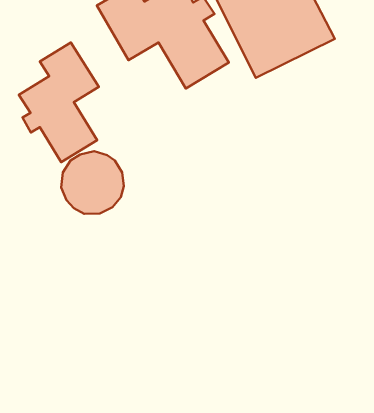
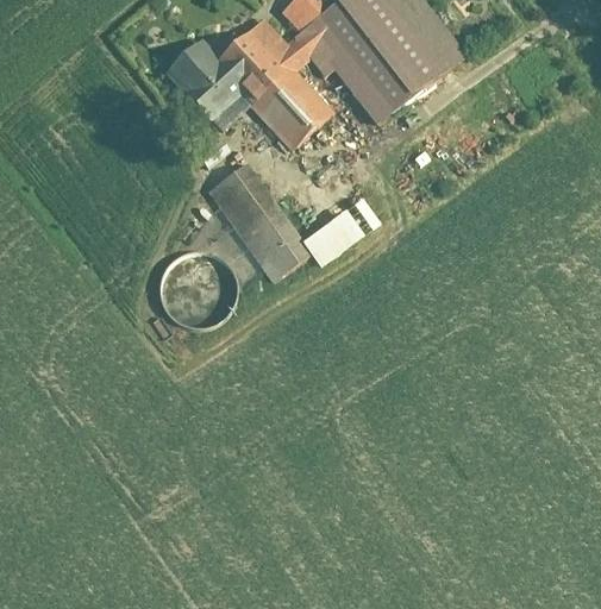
building: [19,42,99,162] -> none
building: none -> [207,163,381,281]

